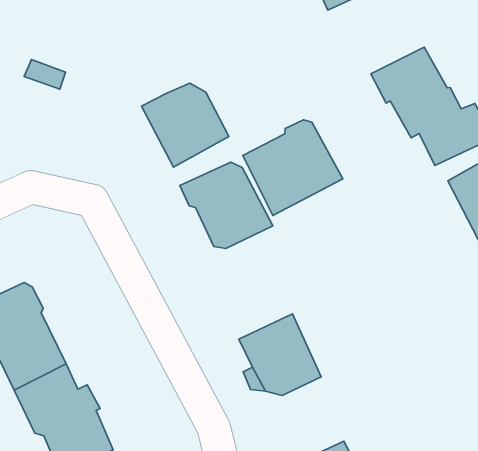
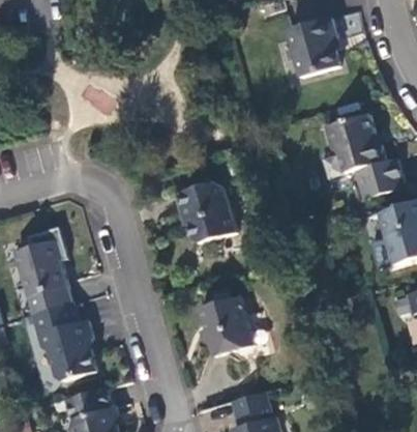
building: [142,83,229,167] -> none
building: [243,120,343,215] -> none

